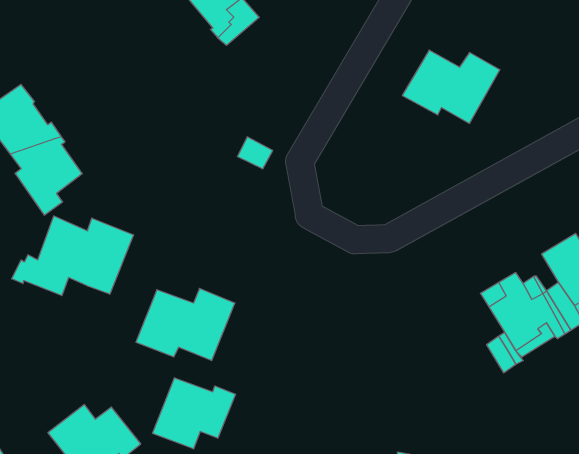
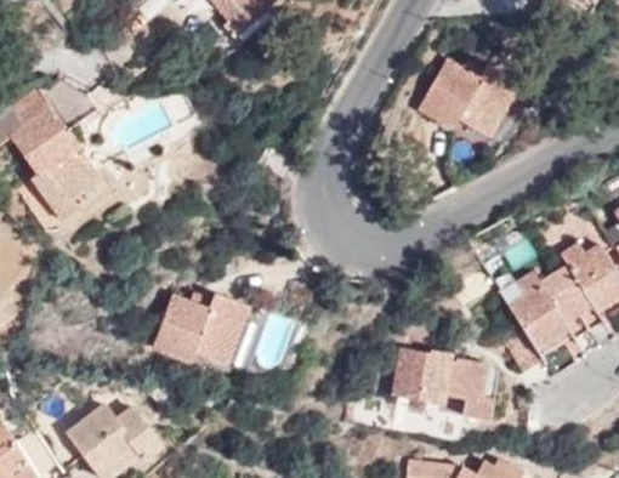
building: [12,216,133,296] -> none
building: none -> [391,351,493,427]
building: [152,378,236,449] -> none

